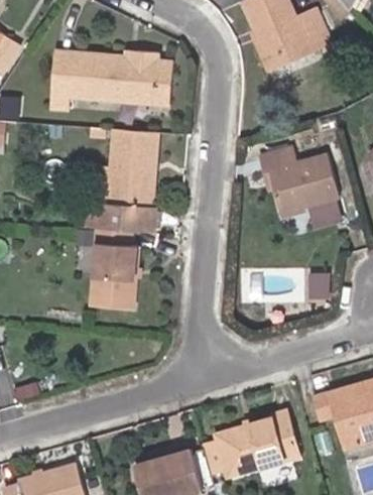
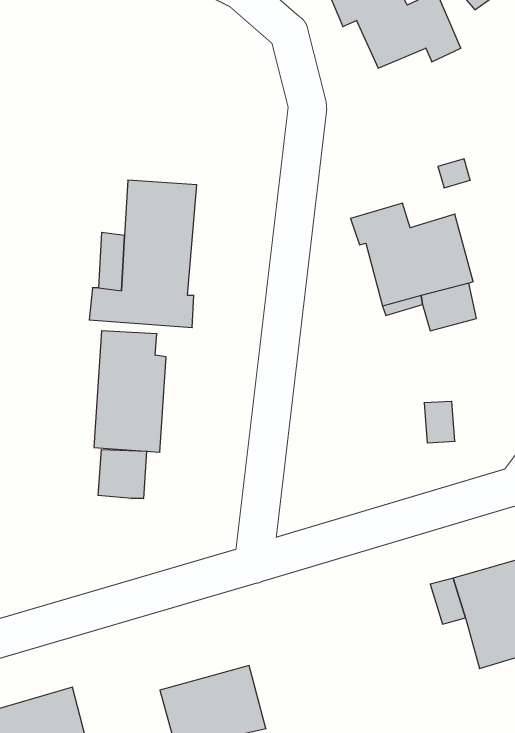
building: [250,25,313,72] -> none
building: [49,49,173,110] -> none
building: none -> [98,450,146,499]
building: [202,412,300,478] -> none

